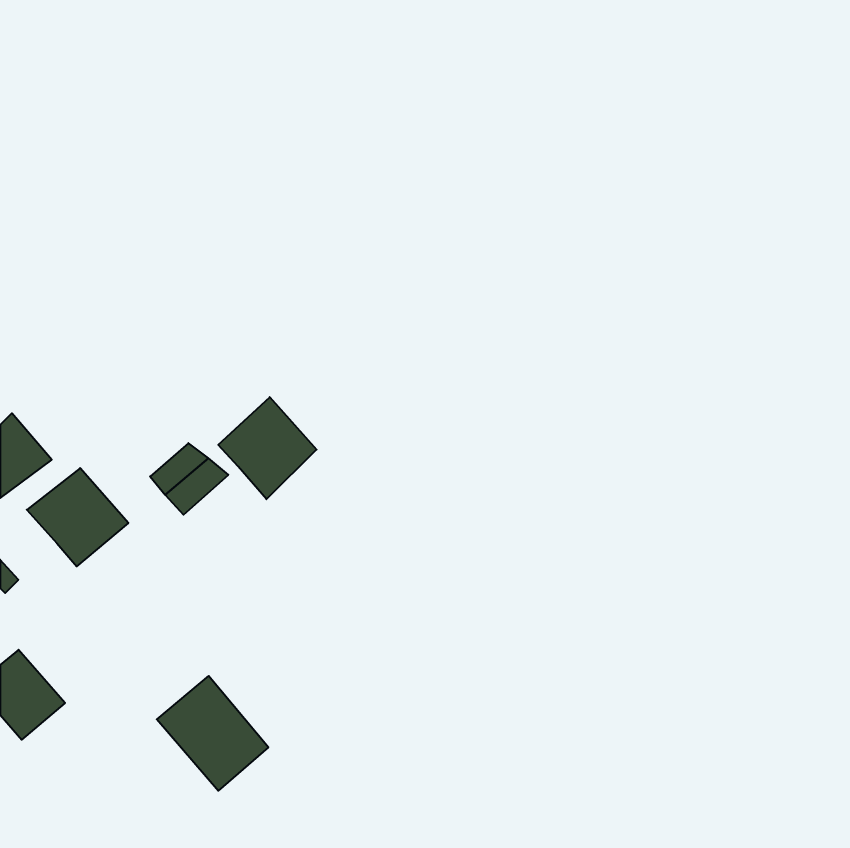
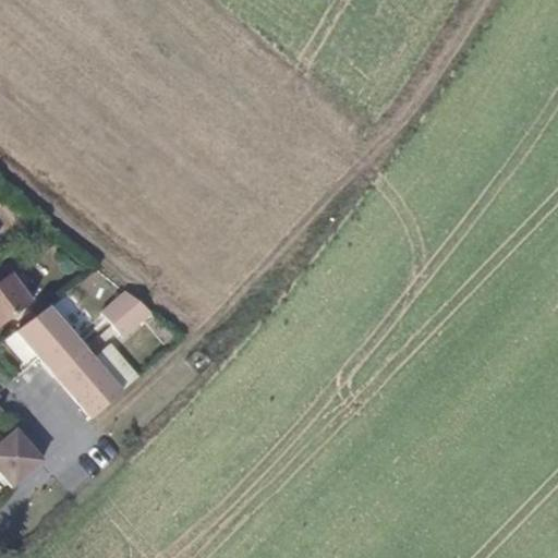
building: [218,397,317,499] -> none
building: [157,676,268,791] -> [51,342,124,417]

